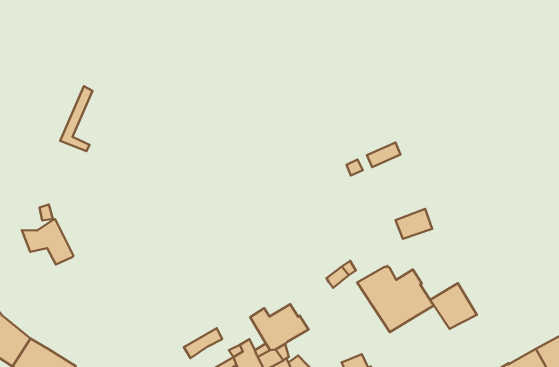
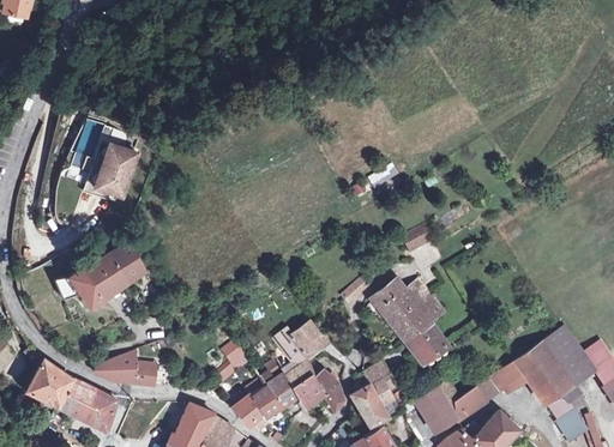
building: none -> [94,144,137,198]
building: none -> [85,242,145,298]
building: [430,283,477,329] -> [405,322,450,366]
building: none -> [96,350,156,385]

